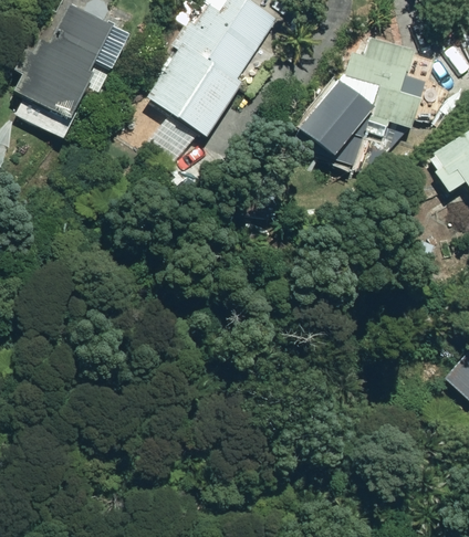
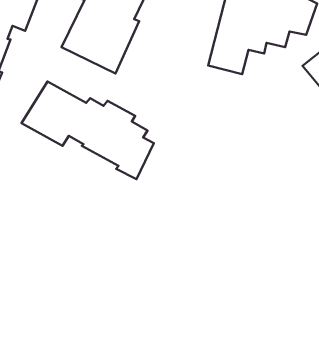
building: none -> [21,81,154,179]

